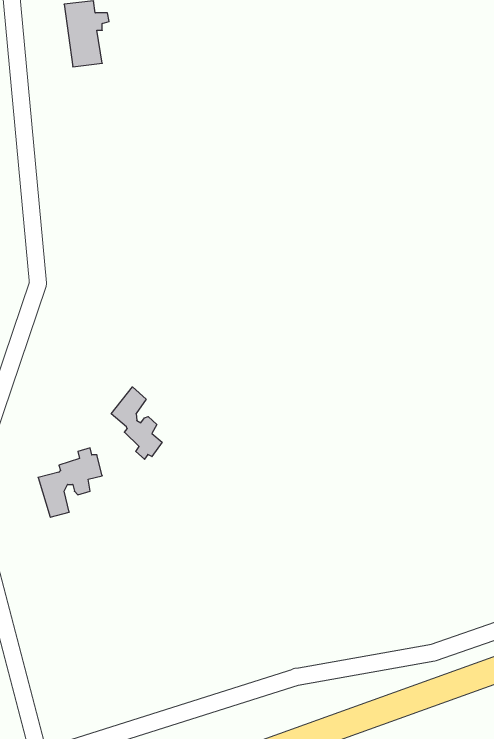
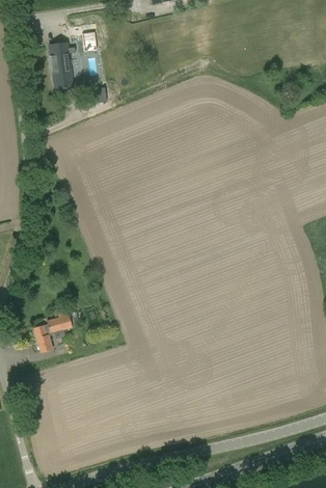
building: [111,387,162,459] -> none

